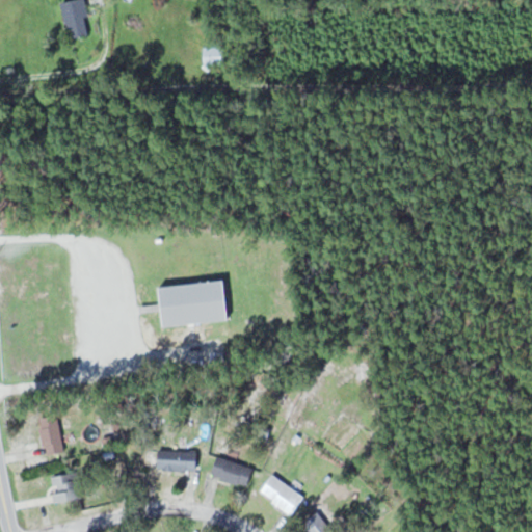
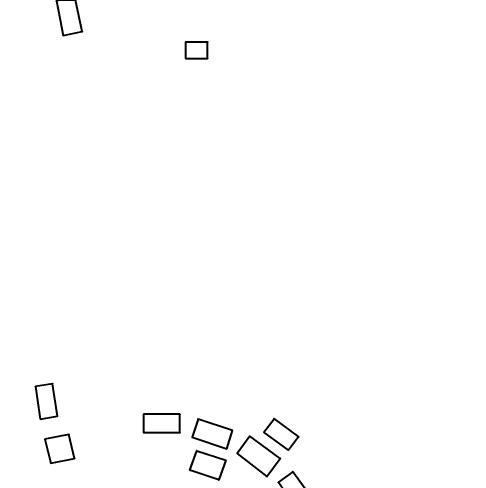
building: [158,282,229,326] -> none
building: none -> [264,419,299,450]
building: none -> [190,451,226,480]

